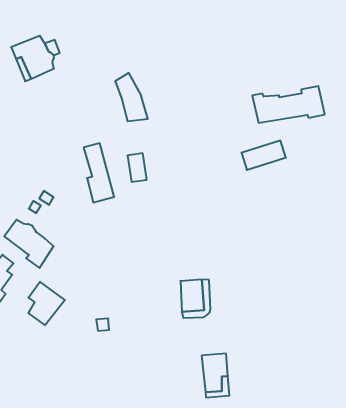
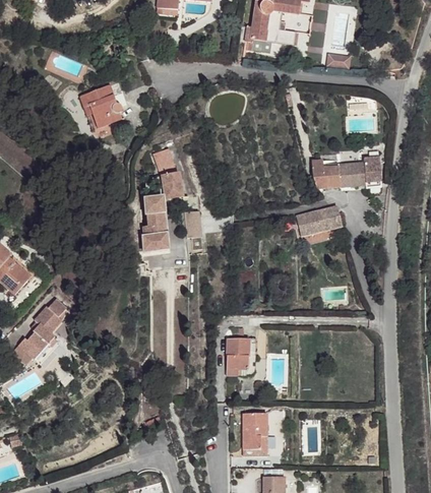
building: [115,73,148,121] -> [153,148,183,196]
building: [4,220,54,268] -> none
building: [28,282,65,325] -> none

